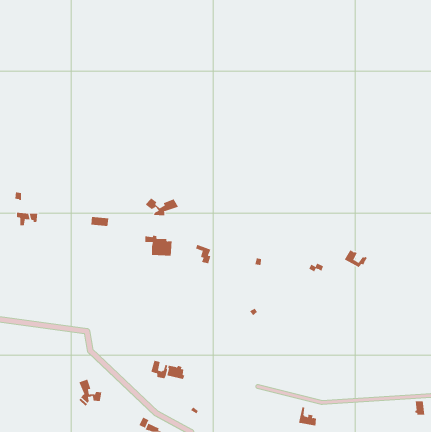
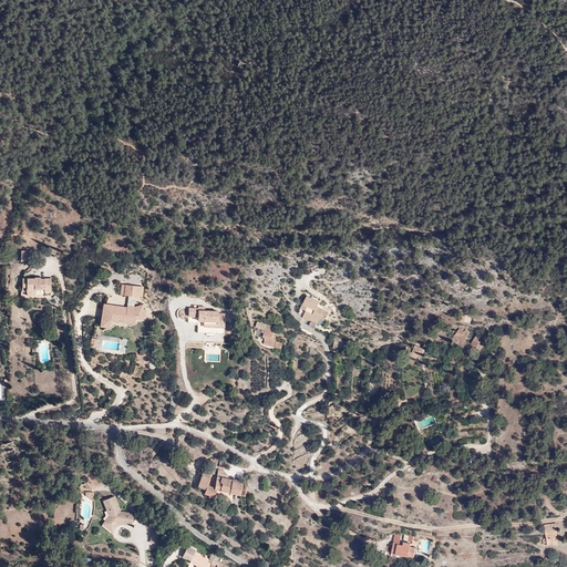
building: [145,198,179,216] -> none
building: none -> [299,295,329,324]
building: none -> [102,307,146,324]

